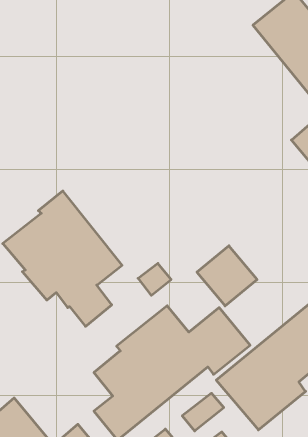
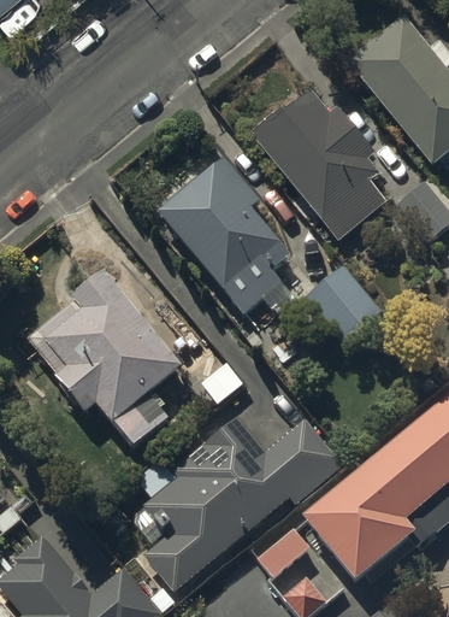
building: none -> [250,86,386,240]
building: none -> [158,155,289,313]
building: [197,246,257,306] -> [305,265,382,342]

